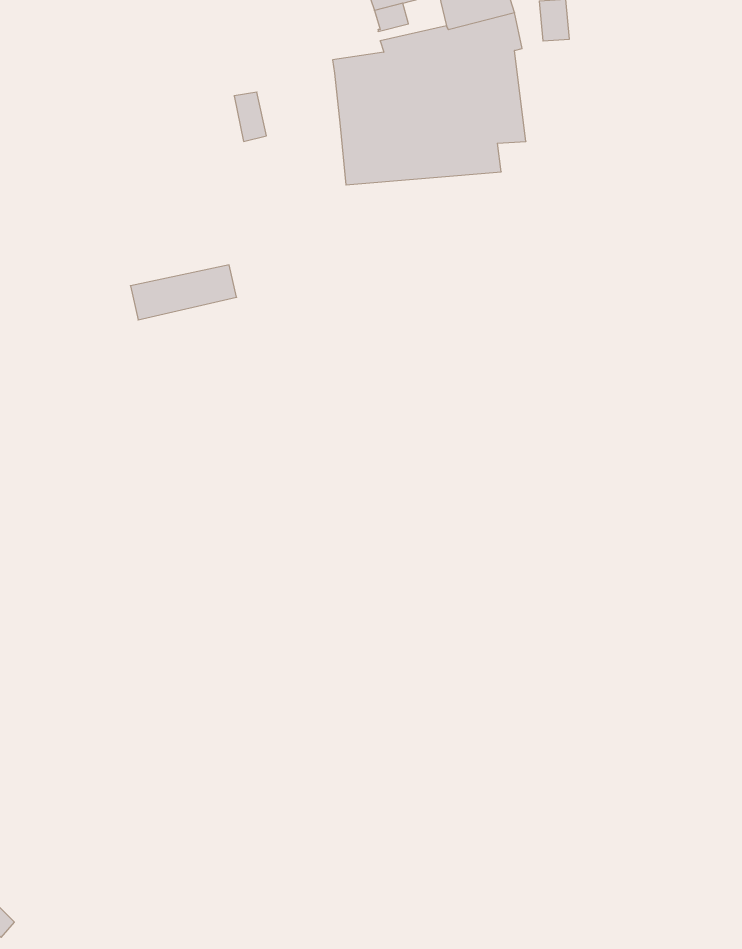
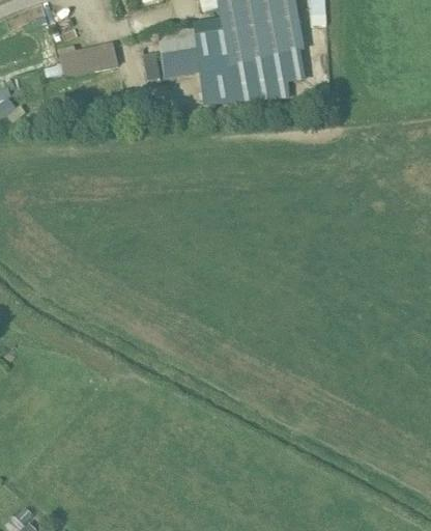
building: none -> [161,41,200,76]
building: [130,265,237,320] -> [59,46,117,76]

